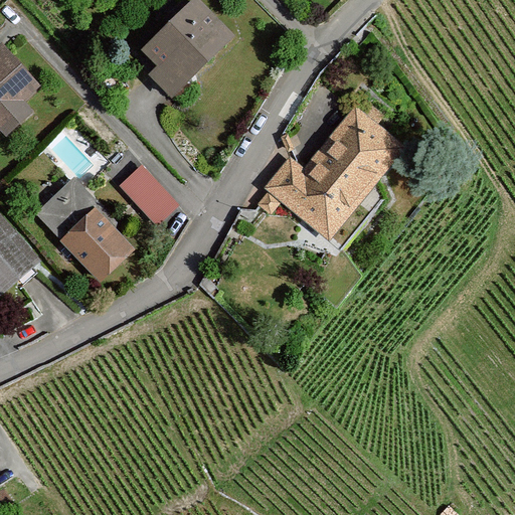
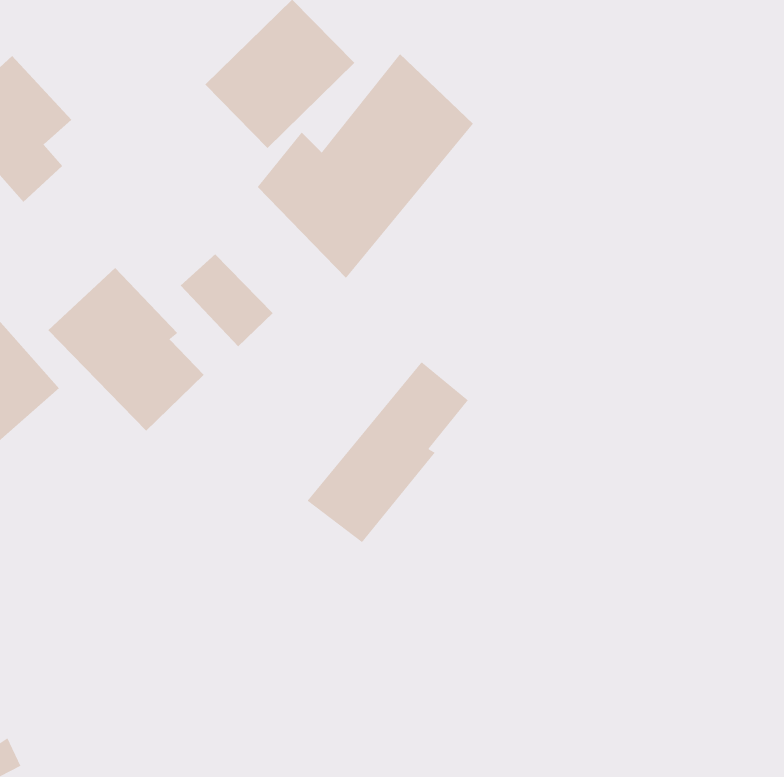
building: [262,102,403,249] -> [257,53,474,279]
building: none -> [307,361,469,543]

